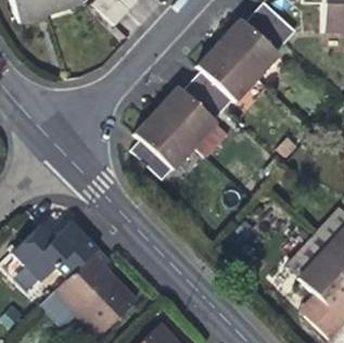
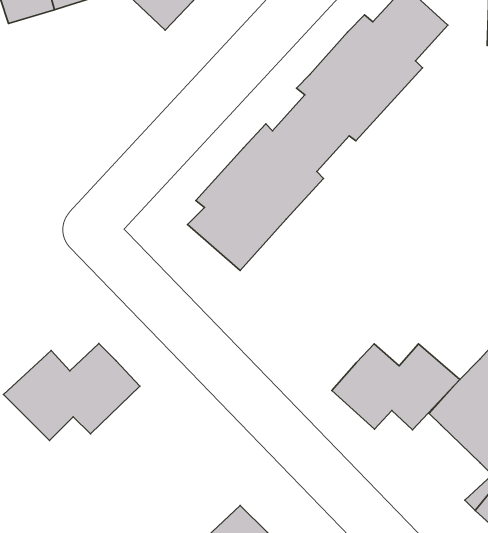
building: none -> [332,344,460,430]
building: [54,249,139,338] -> none

